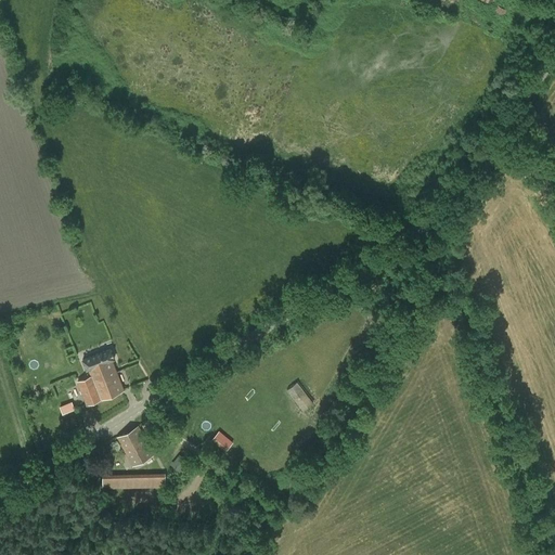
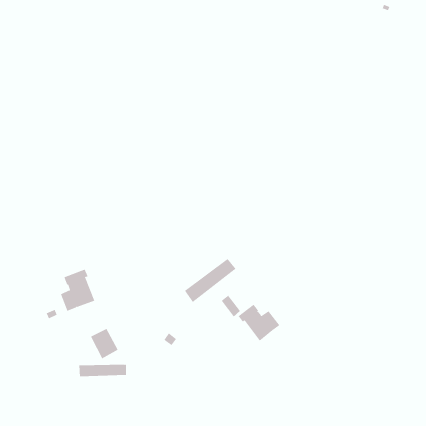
building: none -> [184,258,236,303]
building: none -> [238,304,280,341]

